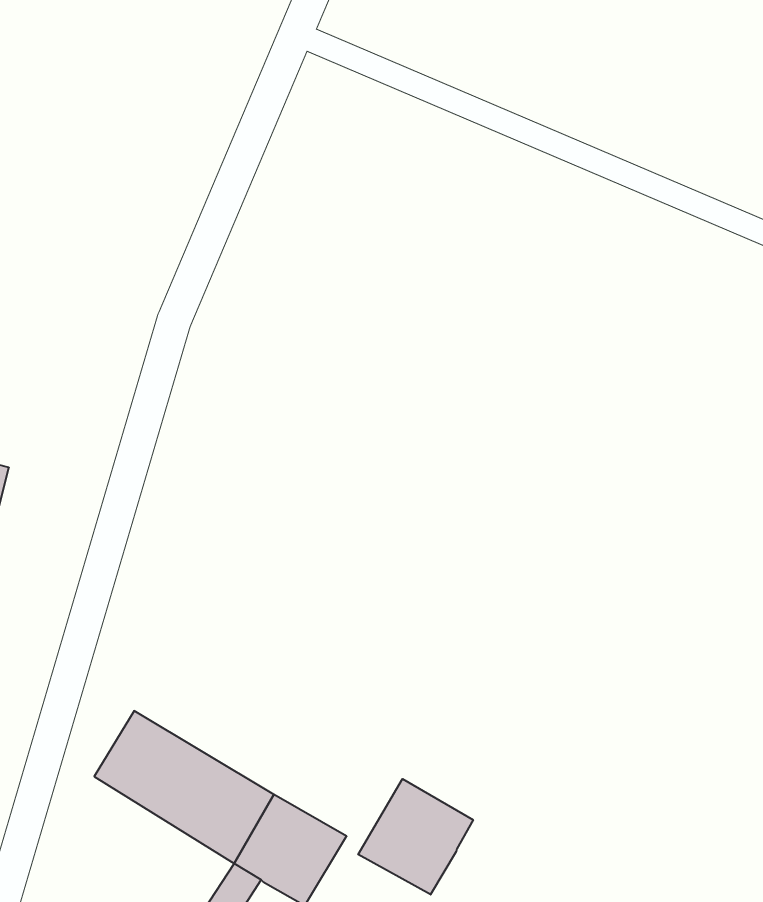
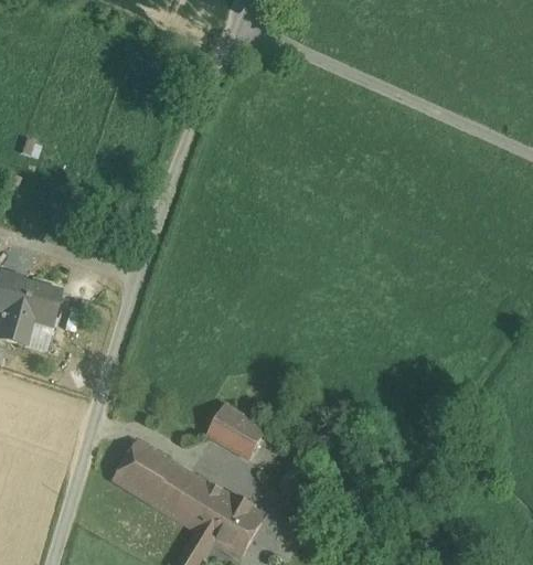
building: none -> [209,407,265,458]
building: [358,779,473,895] -> none

